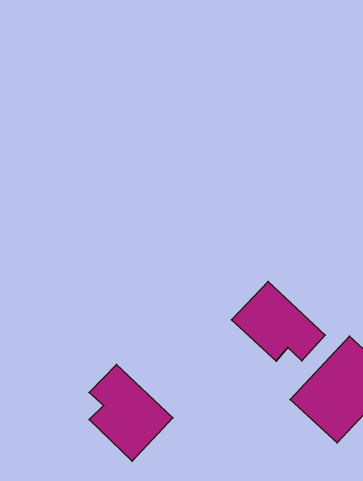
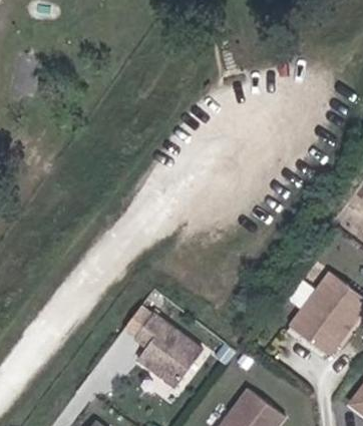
building: [232,281,325,361] -> none

